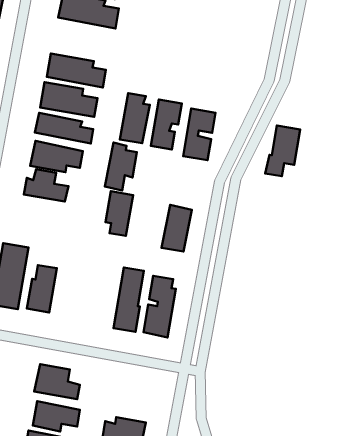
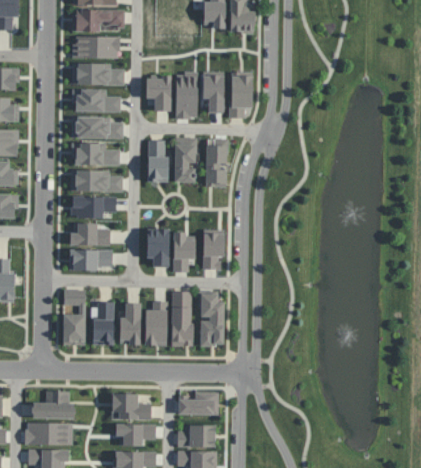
building: none -> [145,76,170,112]
building: none -> [77,88,125,111]
building: none -> [175,73,197,119]
building: none -> [202,73,224,114]
building: [265,125,300,176] -> [228,76,252,120]
building: [105,142,137,191] -> [172,232,195,273]
building: none -> [71,254,112,272]
building: none -> [146,296,171,348]
building: none -> [118,305,140,345]
building: none -> [180,391,221,419]

